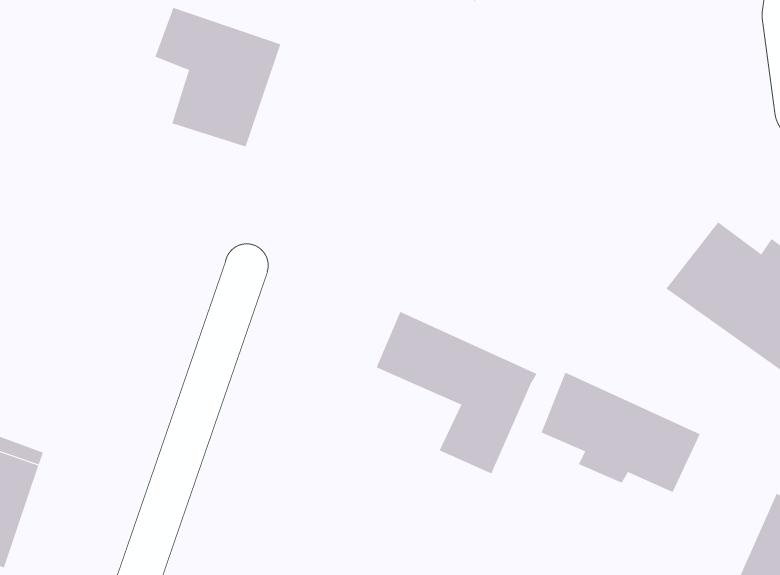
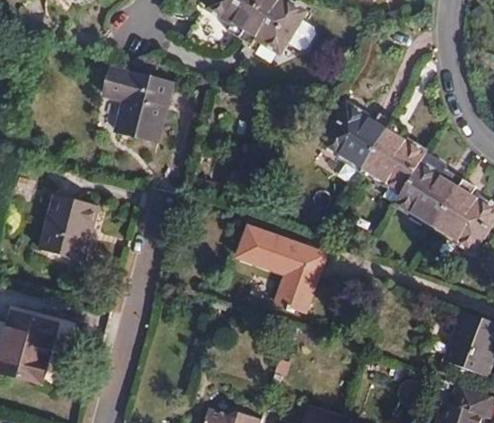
building: none -> [324,104,425,202]
building: none -> [39,194,98,261]
building: [541,372,700,493] -> none

